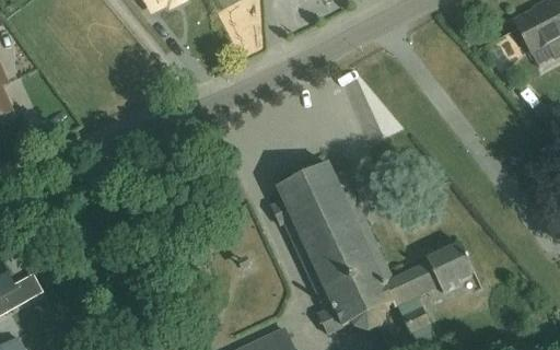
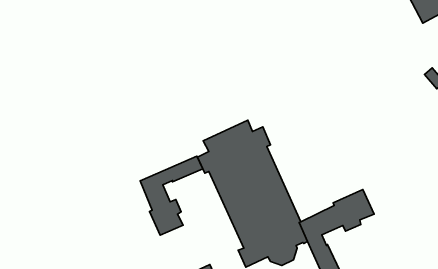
building: none -> [140,156,203,235]

